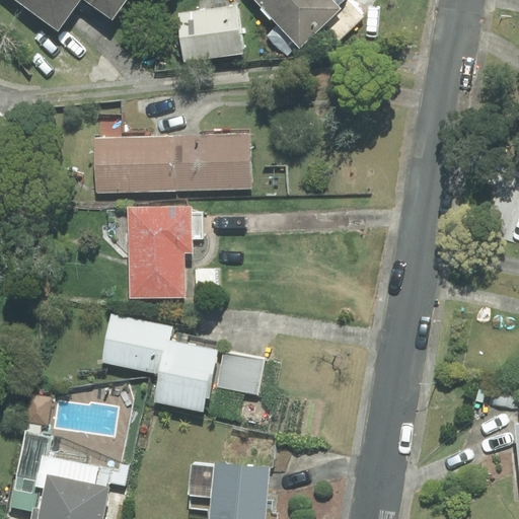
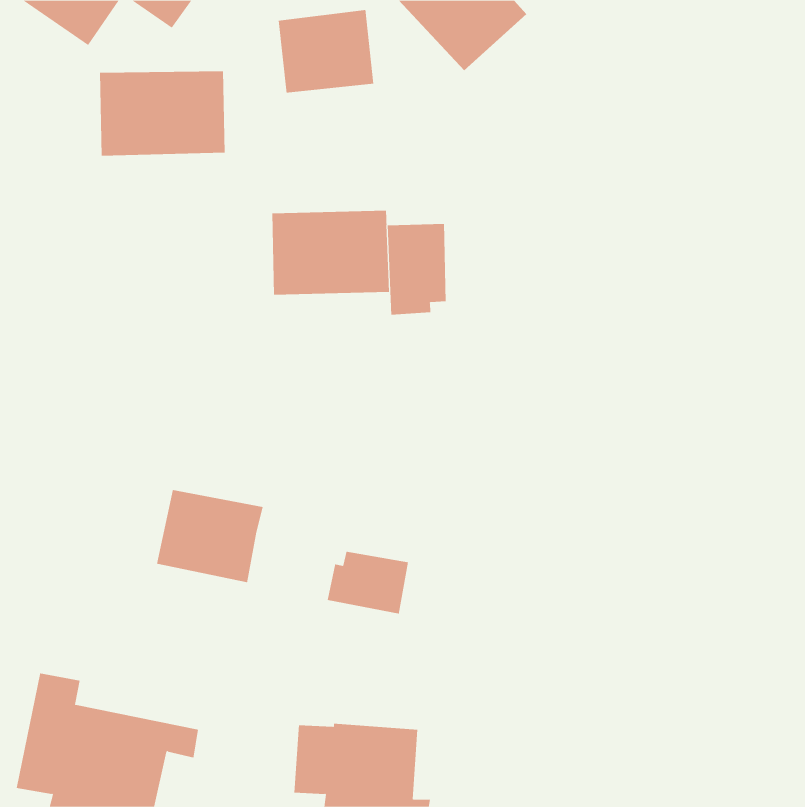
building: [94,137,175,192] -> [99,71,226,156]
building: none -> [387,223,446,315]
building: [106,207,203,298] -> none
building: [154,332,217,411] -> none

